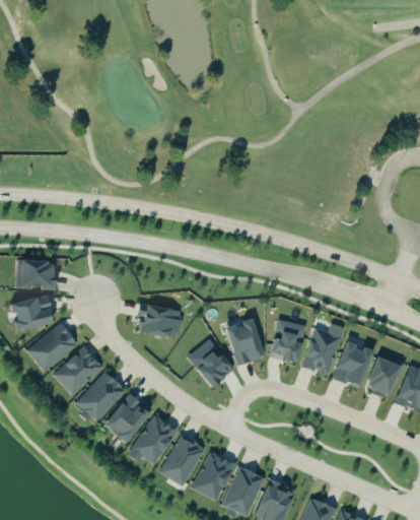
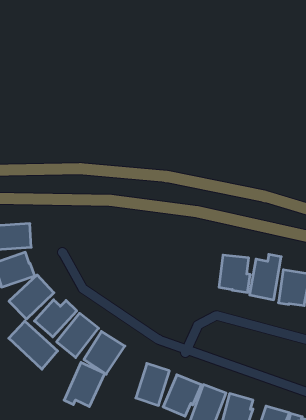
building: [135,302,181,337] -> none
building: [228,319,266,364] -> none
building: [189,338,234,387] -> none
building: none -> [9,321,58,369]
building: [129,413,179,465] -> [64,362,105,407]

